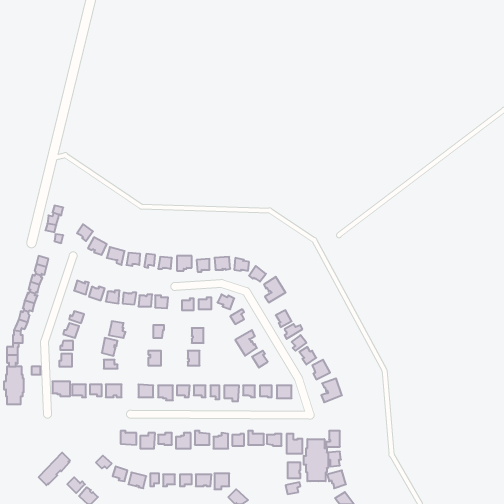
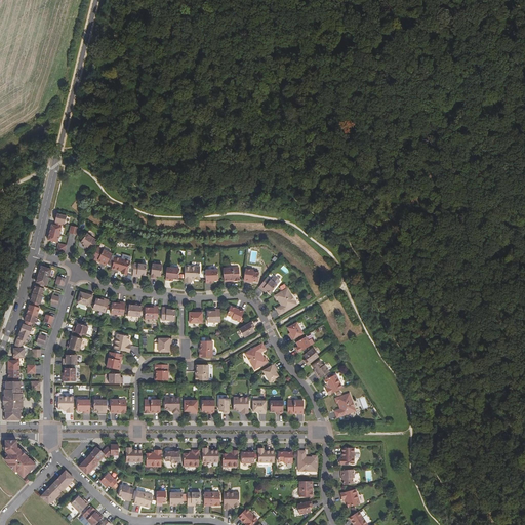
building: none -> [6,440,37,477]
building: none -> [78,444,118,474]
building: [304,439,328,481] -> none

